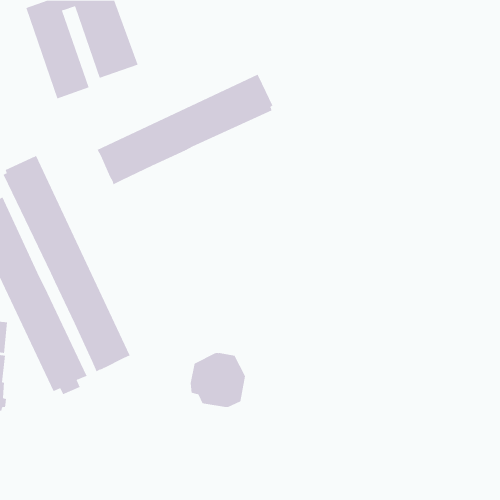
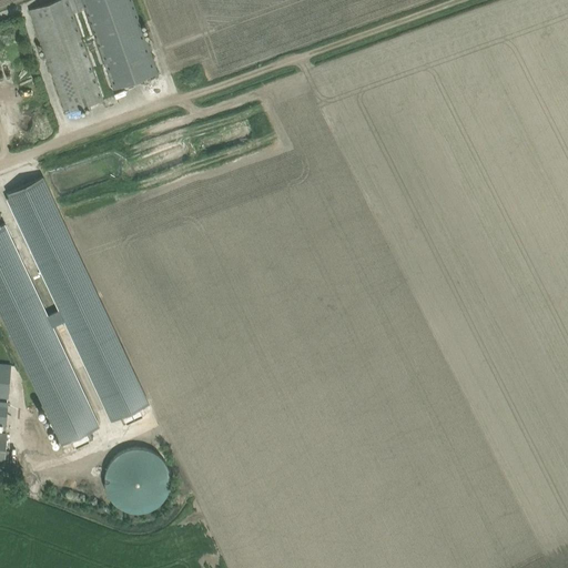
building: [97,74,273,185] -> none
building: [190,353,246,408] -> [104,448,168,510]

